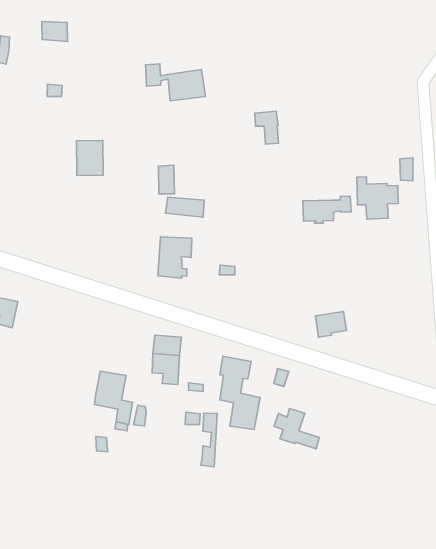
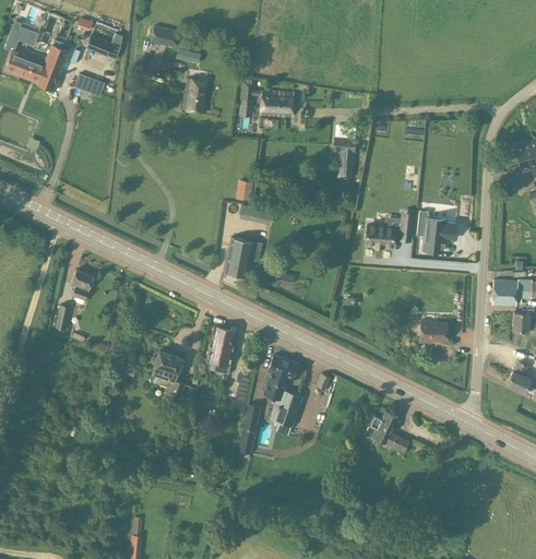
building: [76,140,103,176] -> [182,78,211,112]
building: [315,312,346,337] -> [420,322,446,342]
building: [274,408,319,449] -> [369,411,408,451]

